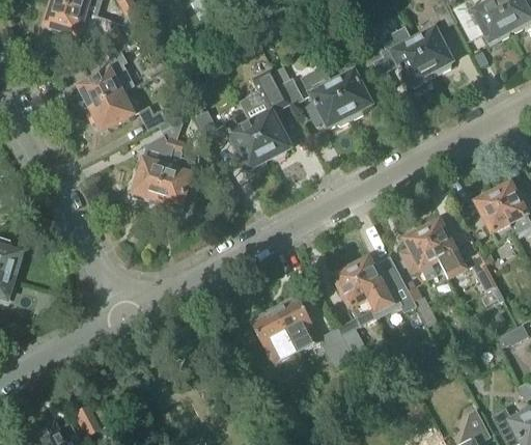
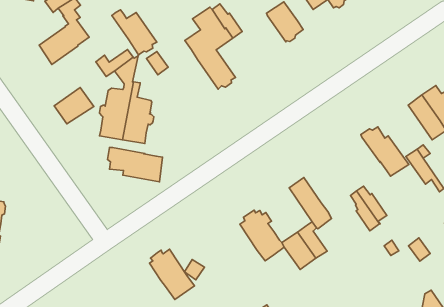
building: [304,69,351,127] -> none
building: [90,91,134,130] -> [54,87,94,124]
building: [224,117,270,169] -> [112,10,157,55]
building: none -> [108,148,163,182]
building: [399,230,444,280] -> none
building: [351,258,402,316] -> none
building: [251,309,298,365] -> [149,249,195,300]

